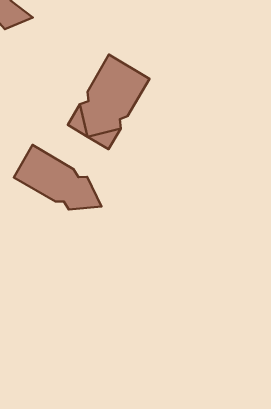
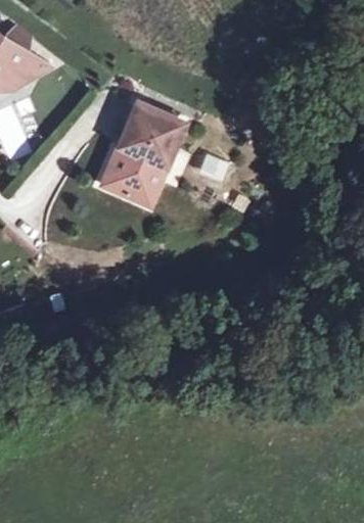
building: [14,145,101,209] -> none

